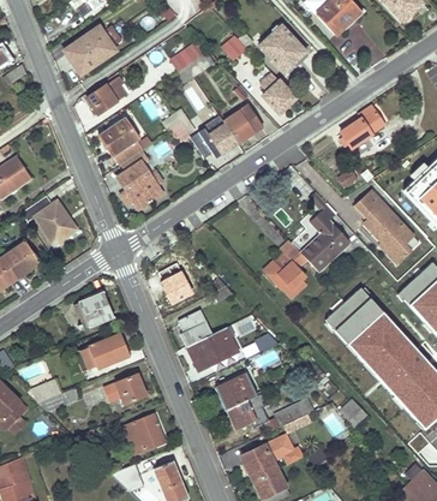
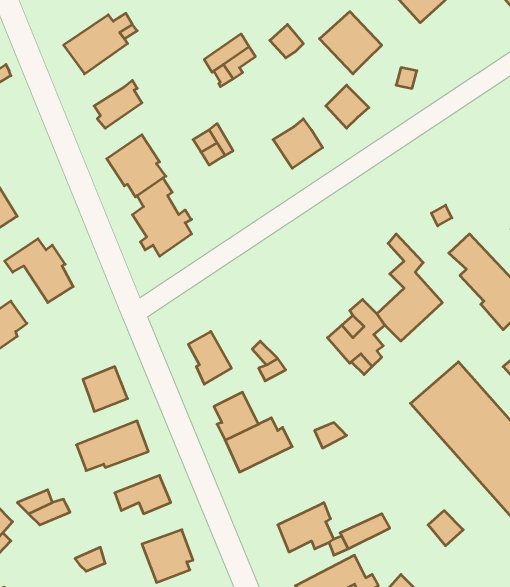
building: [341,105,385,148] -> none
building: [191,117,238,154] -> none
building: [216,374,257,410] -> none

